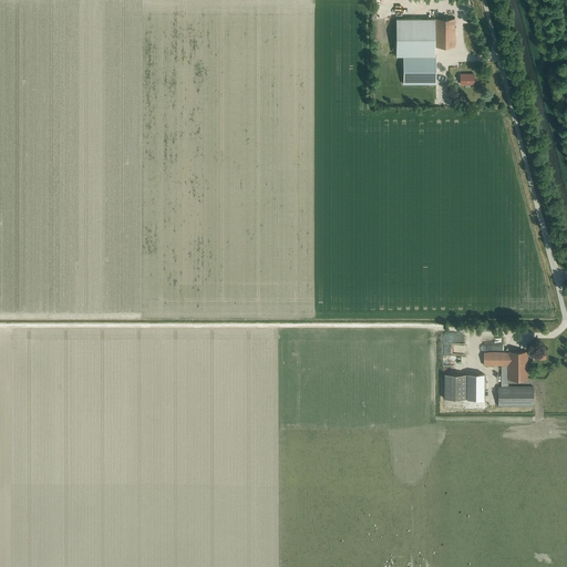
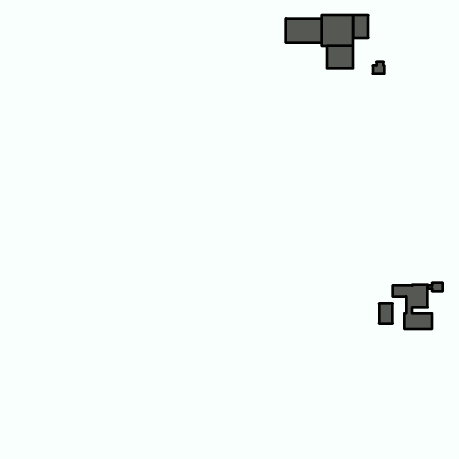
building: none -> [286,18,322,43]
building: [444,374,466,399] -> none

